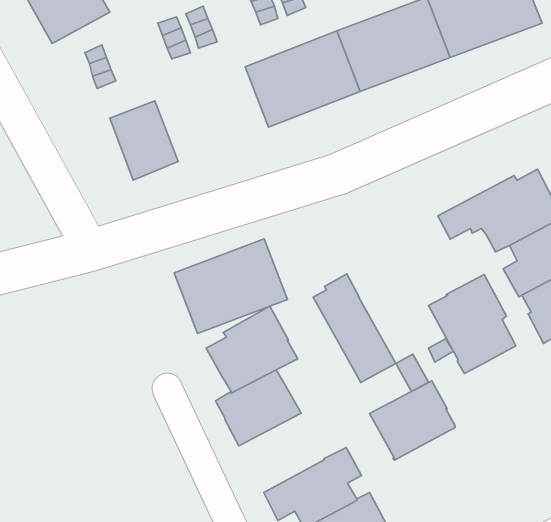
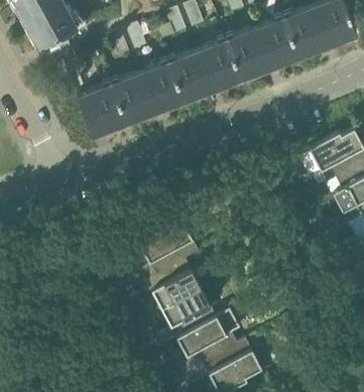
building: [174,239,288,334] -> [106,63,179,125]
building: [313,274,396,382] -> none
building: [428,274,516,374] -> none
building: [369,381,455,460] -> [160,288,216,340]

